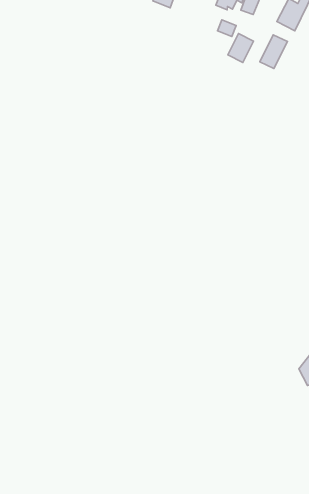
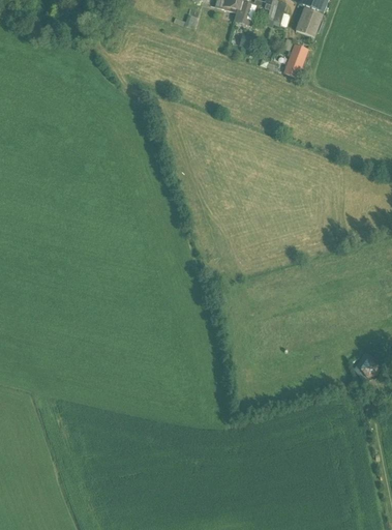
building: [228,33,253,62] -> none

